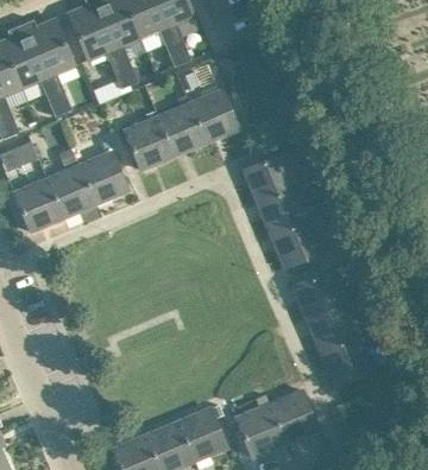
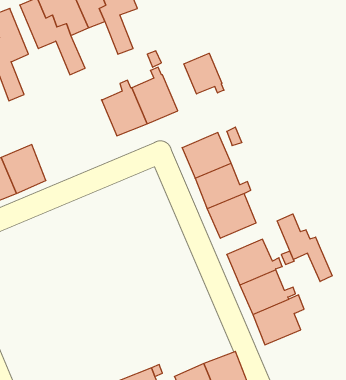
building: none -> [184,53,224,94]
building: [124,109,172,170] -> none
building: [80,140,128,204] -> none
building: none -> [277,214,332,282]

